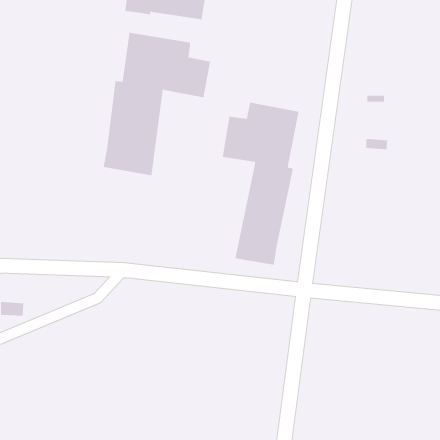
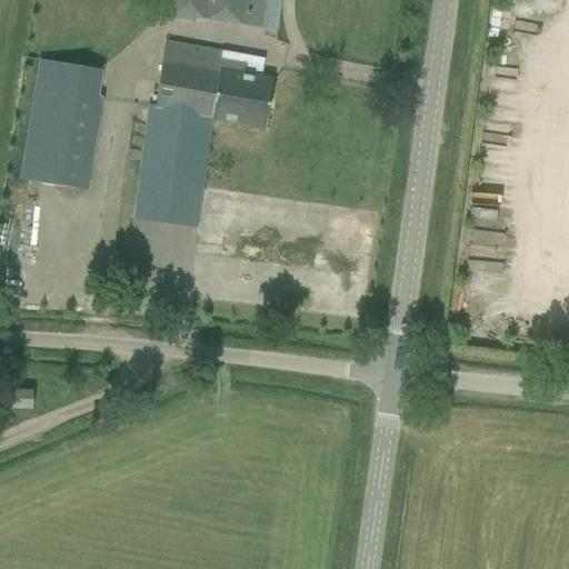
building: none -> [21,60,100,188]
building: [222,102,299,266] -> none

